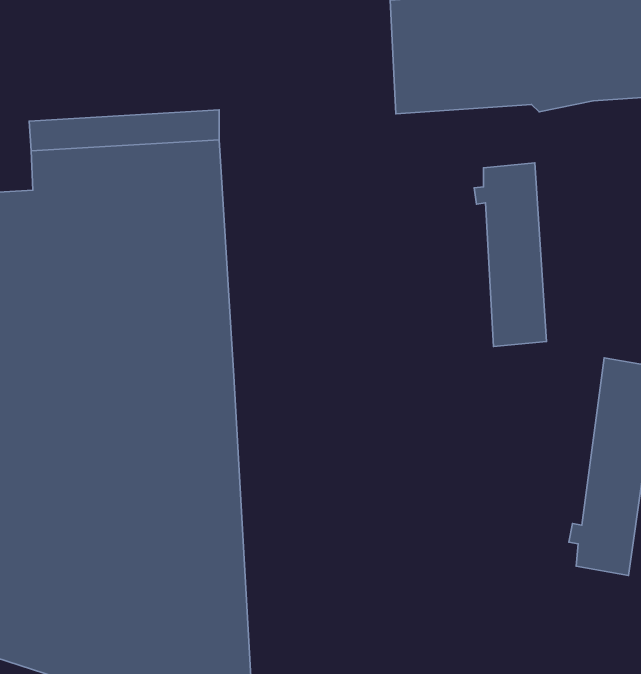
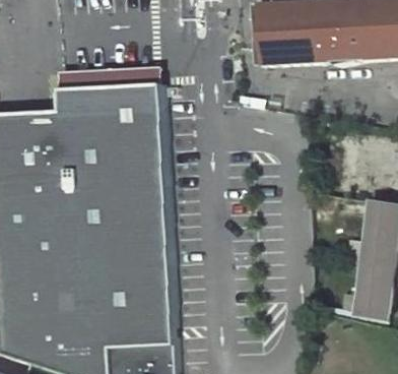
building: [474,163,547,347] -> none

